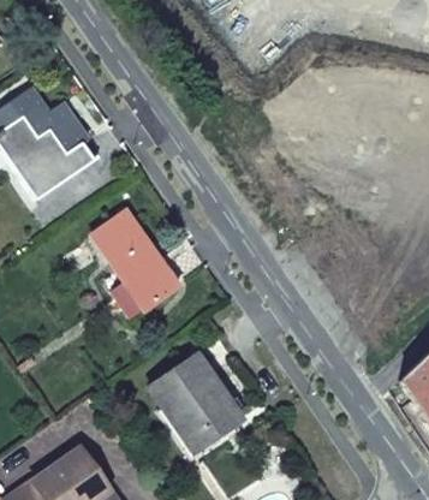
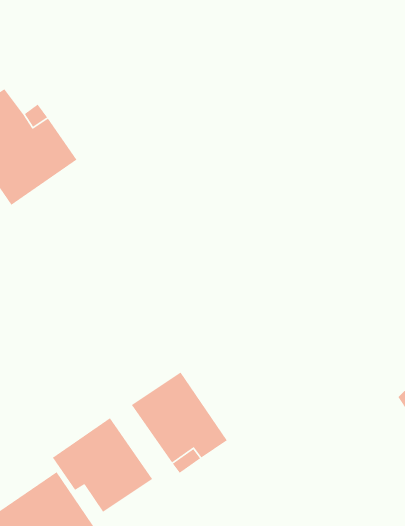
building: [94,210,175,317] -> none
building: none -> [52,417,153,513]

